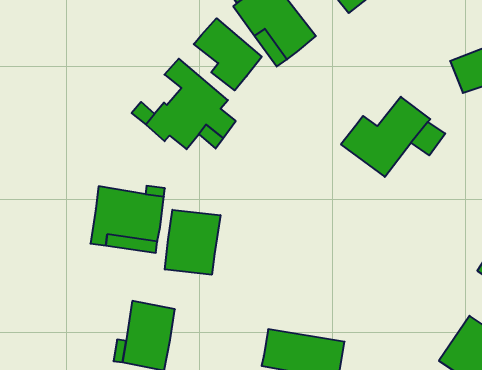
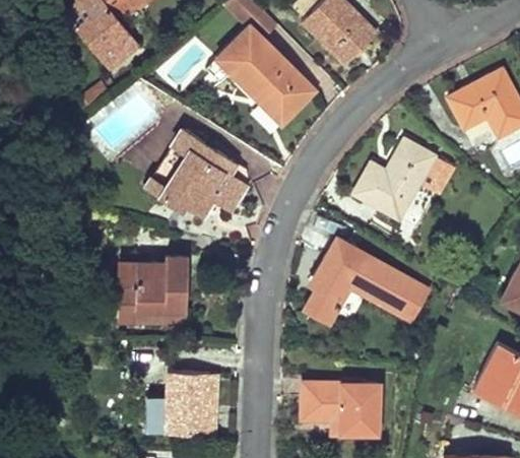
building: [194,18,262,90] -> none
building: none -> [305,239,430,323]
building: [165,210,220,275] -> none

